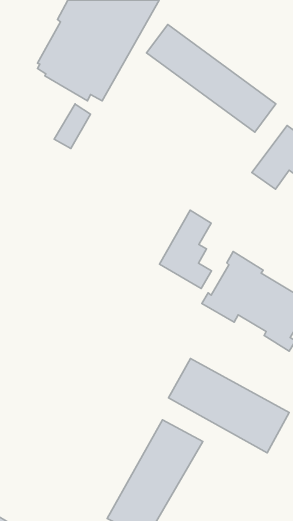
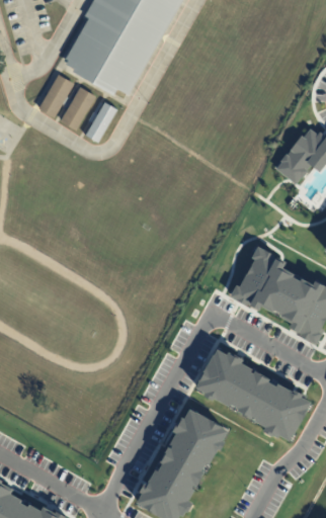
building: [146,24,276,132] -> none
building: none -> [38,76,97,132]
building: [160,210,212,289] -> none

